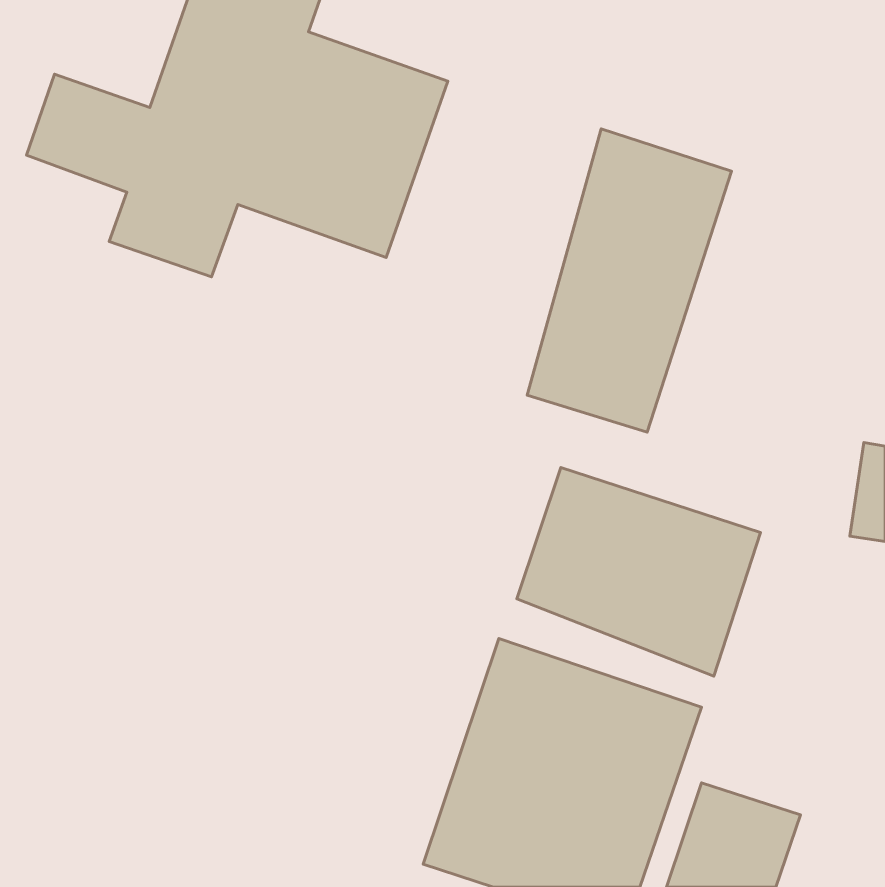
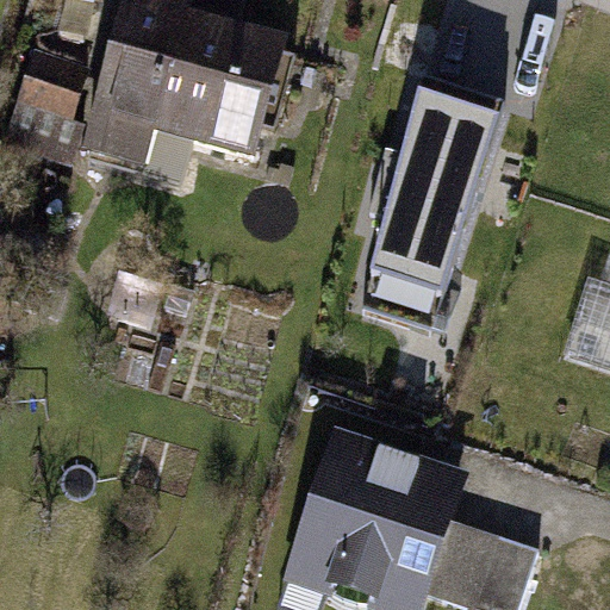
building: [517,468,760,676] -> none

